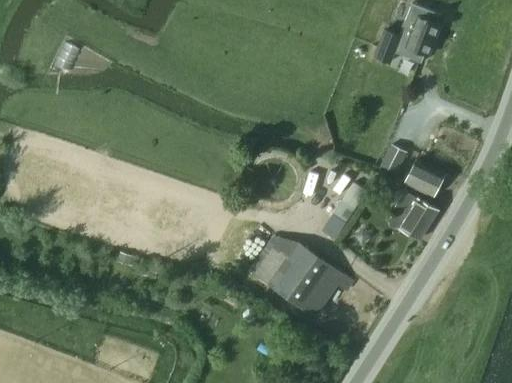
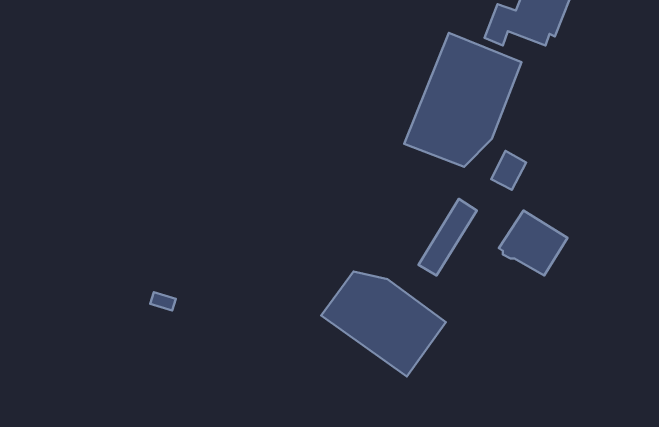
building: none -> [404,33,521,167]
building: [403,160,445,199] -> none

